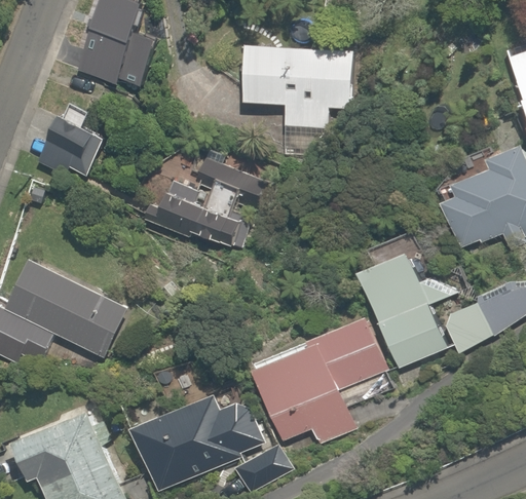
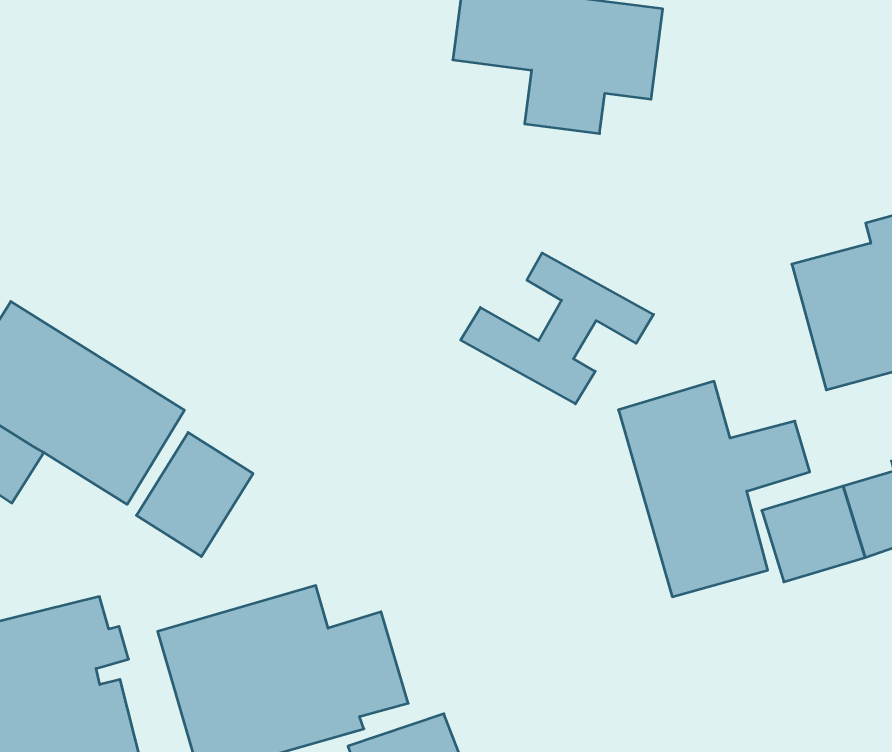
building: [37,115,105,181] -> none
building: [168,158,268,235] -> [461,253,654,404]
building: none -> [136,432,253,557]
building: [247,317,390,450] -> none

